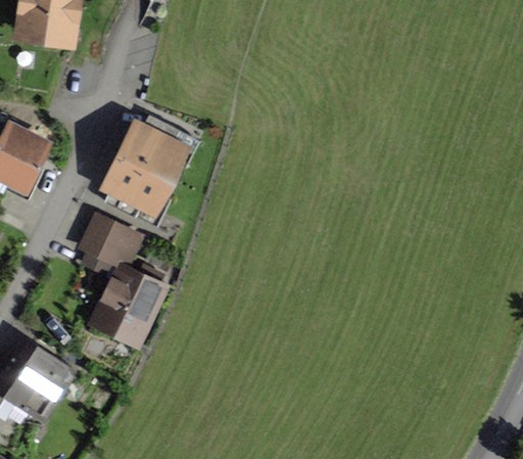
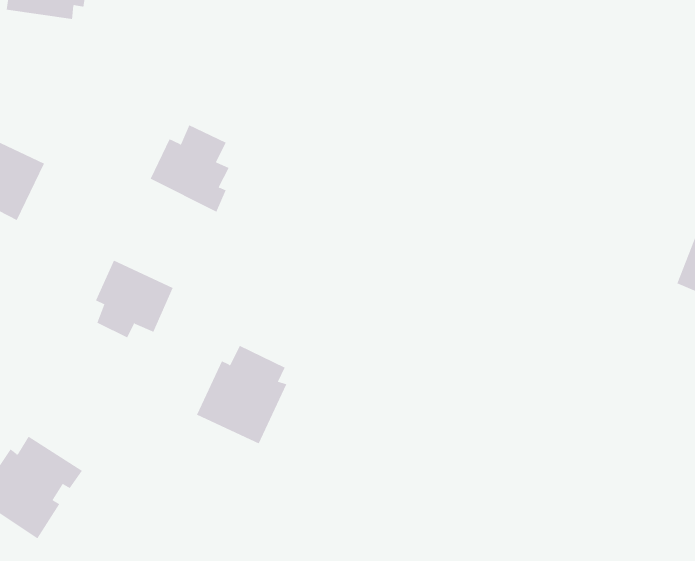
building: [106,155,171,216] -> none
building: [93,268,159,340] -> [196,345,287,444]

